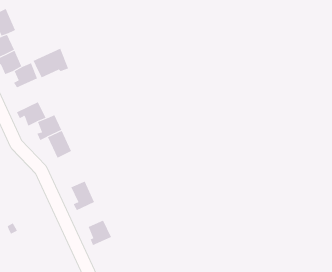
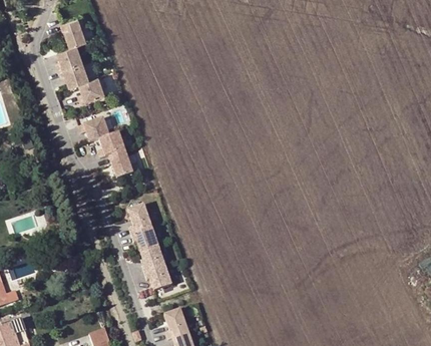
building: [33,48,69,78] -> none
building: none -> [130,227,157,252]
building: none -> [143,265,170,290]

